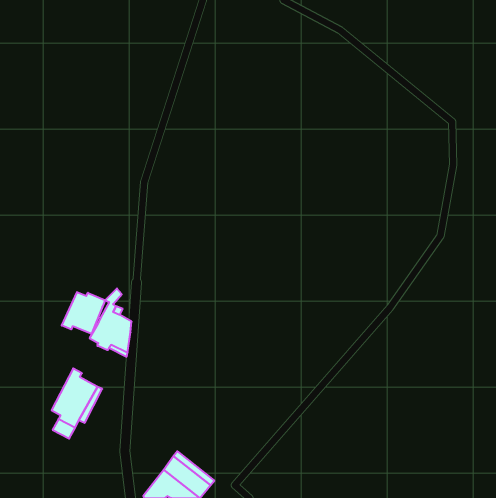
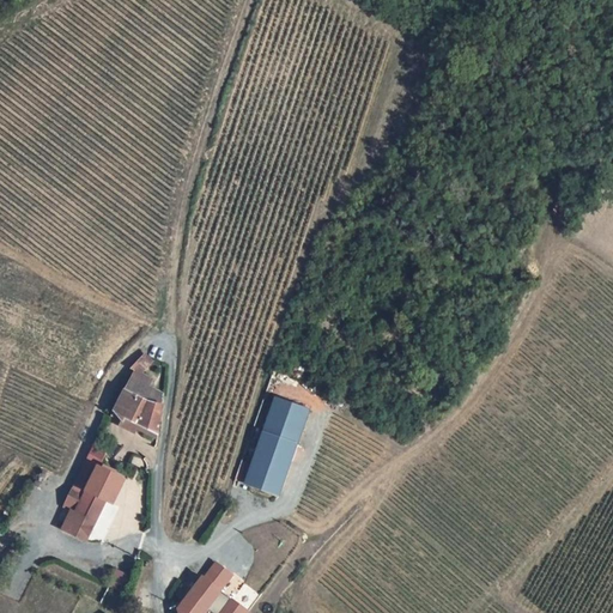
building: [62,292,105,334] -> none
building: none -> [239,395,306,496]

